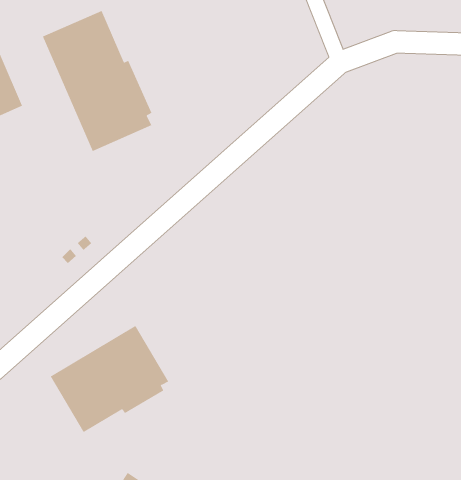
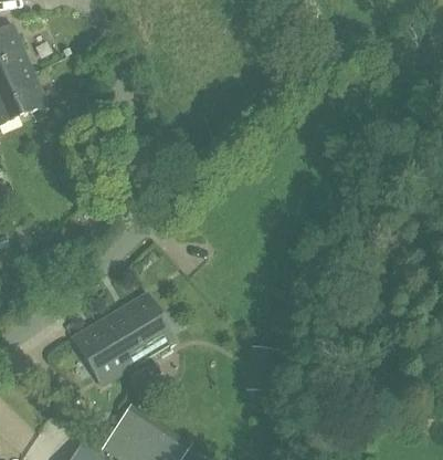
building: [42,10,152,152] -> none

